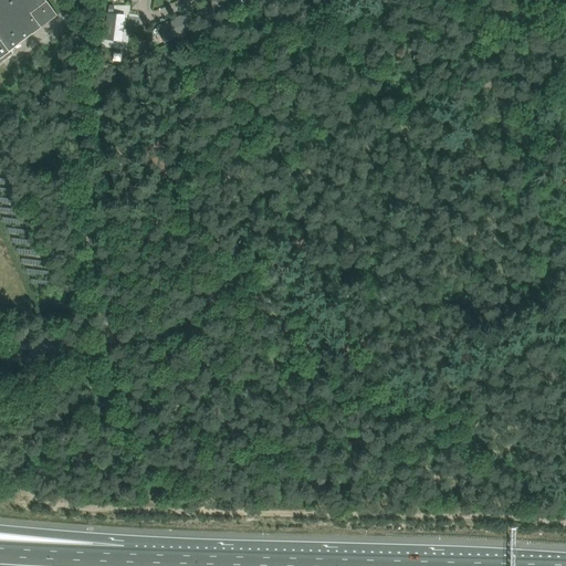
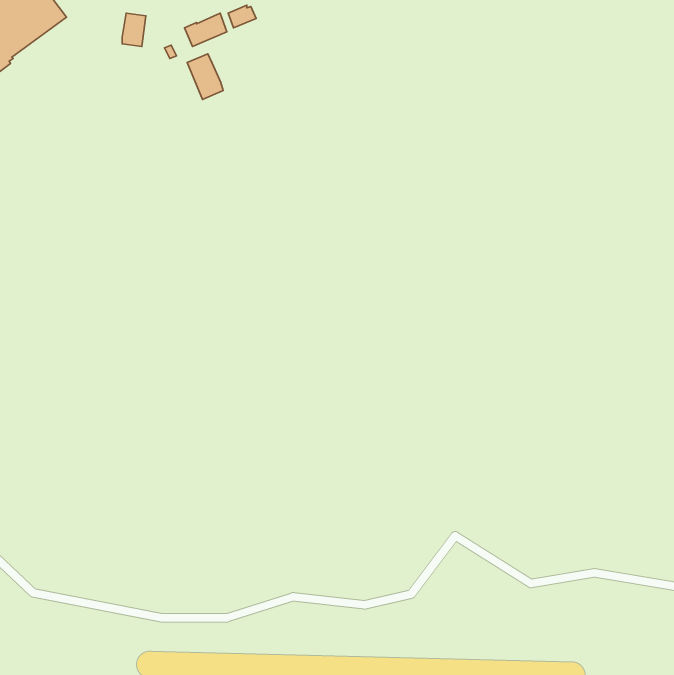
building: none -> [187,54,223,99]

